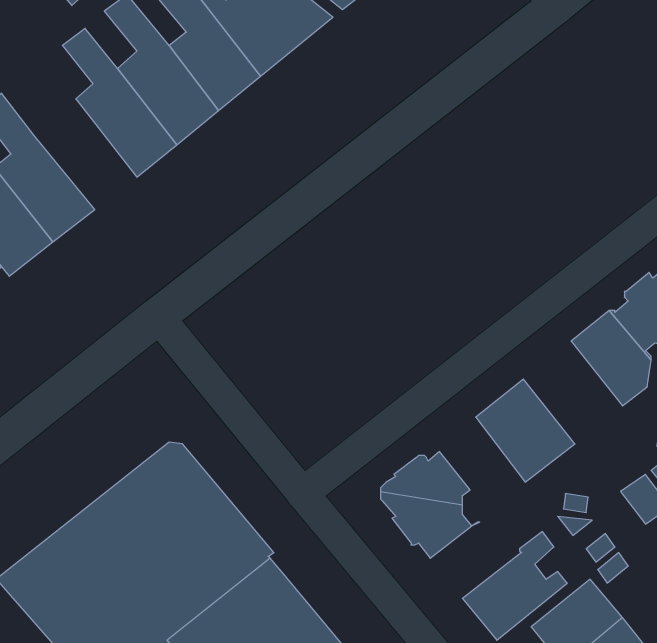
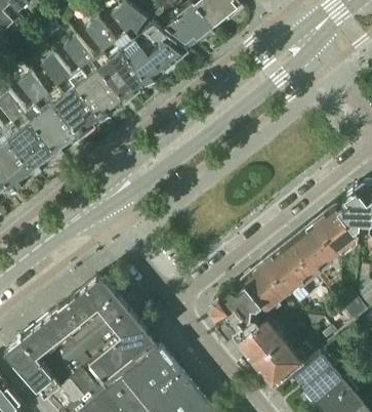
building: none -> [19,73,81,154]
building: none -> [289,224,342,280]
building: none -> [244,265,290,308]
building: none -> [239,322,288,363]

